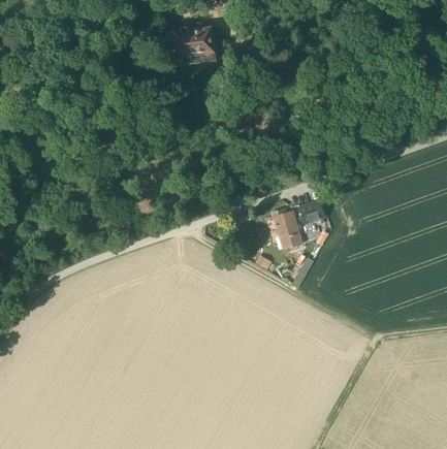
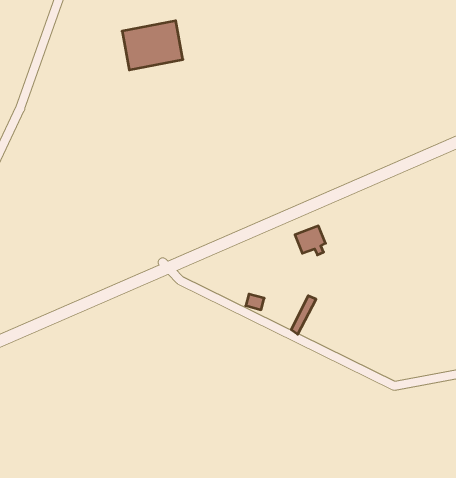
building: [273,210,301,249] -> none

